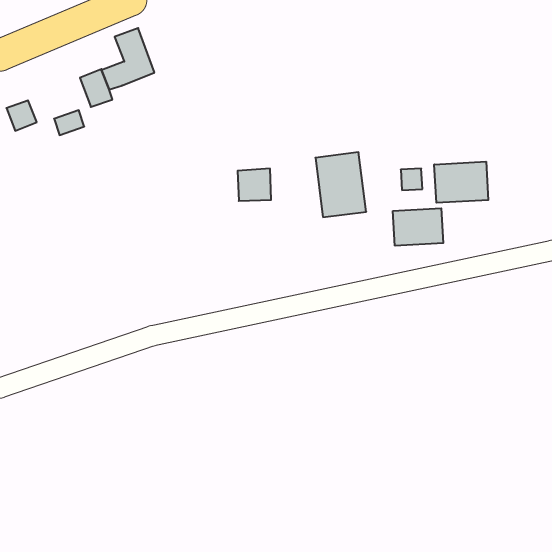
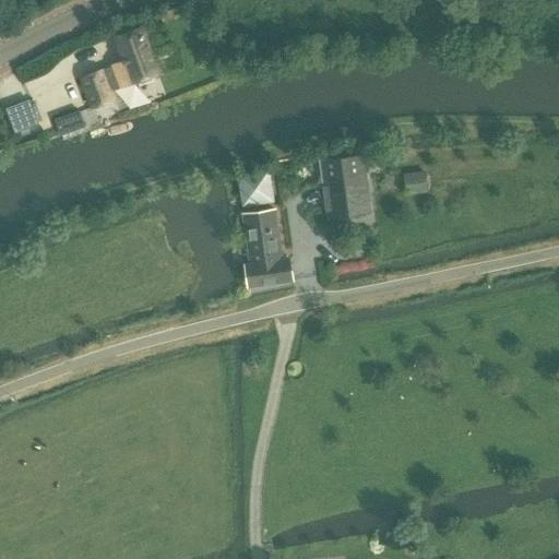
building: [434,162,488,203] -> none
building: [393,208,443,246] -> none
building: none -> [242,211,290,287]

